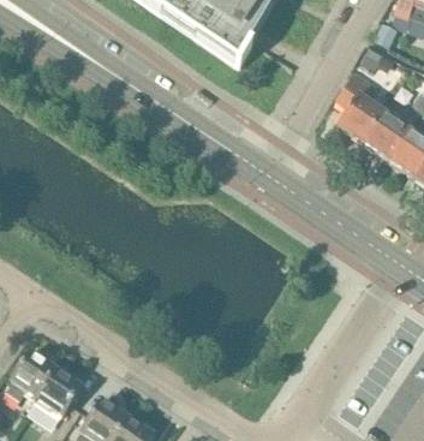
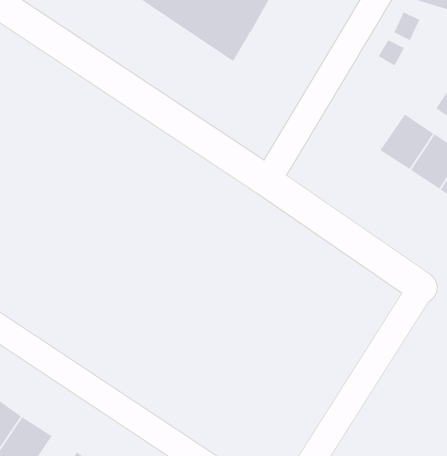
building: [335,67,383,139] -> none

